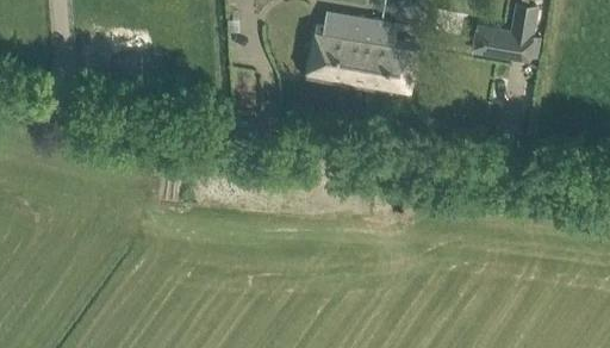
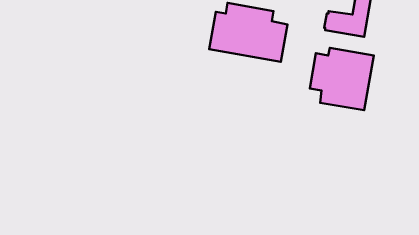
building: none -> [310,48,374,110]

